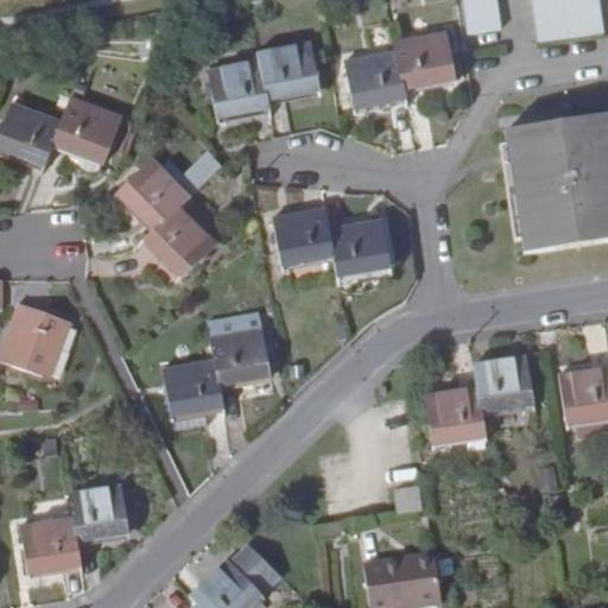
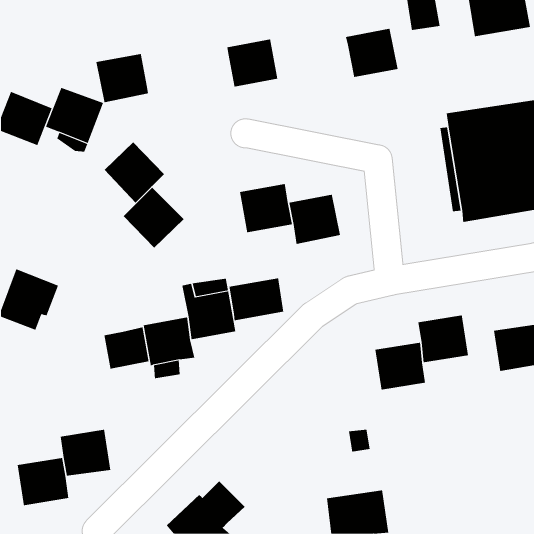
building: [344,51,405,107] -> none
building: [208,61,268,116] -> [95,54,149,103]
building: none -> [229,277,284,321]
building: none -> [104,326,149,369]

